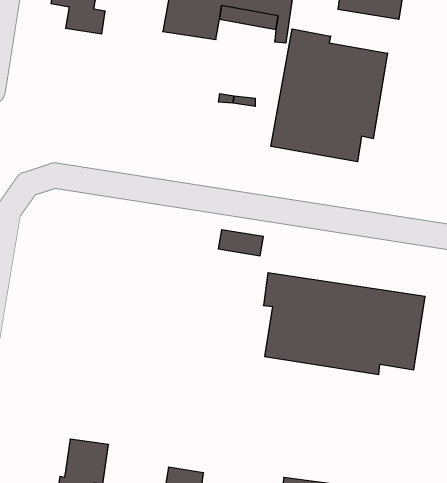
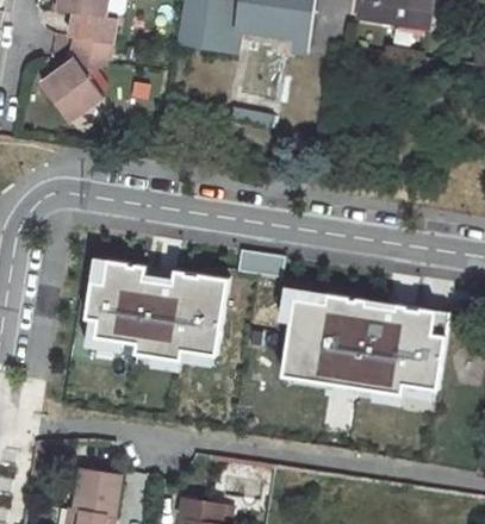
building: none -> [42,36,112,121]
building: [271,29,388,162] -> none
building: none -> [86,256,228,370]

